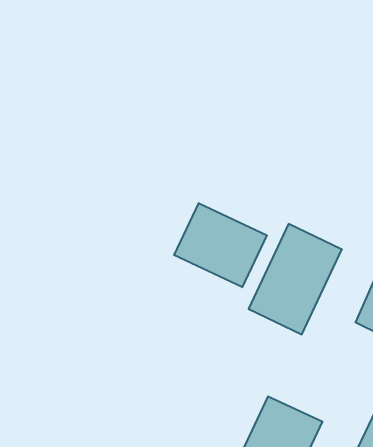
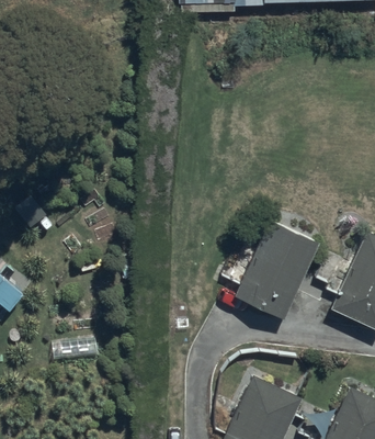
building: [174,203,267,287] -> none

